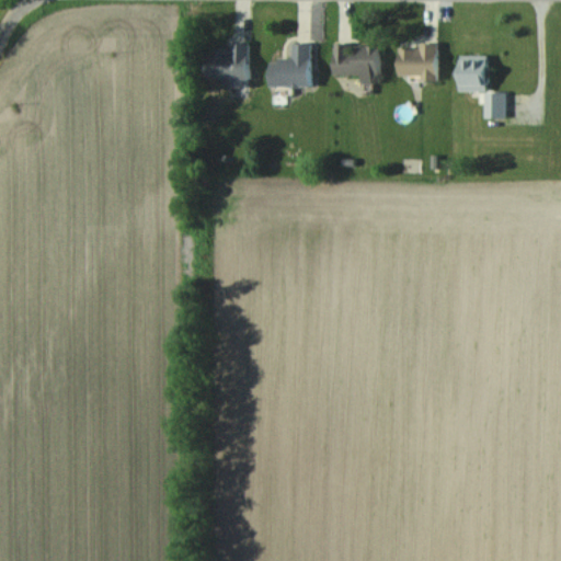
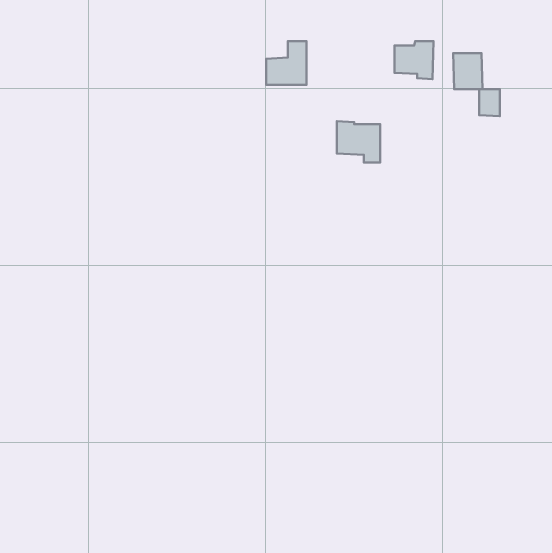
building: [333,43,377,84] -> [337,121,380,162]
building: [205,44,249,80] -> none

